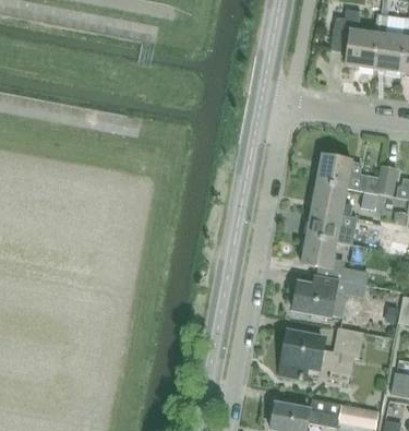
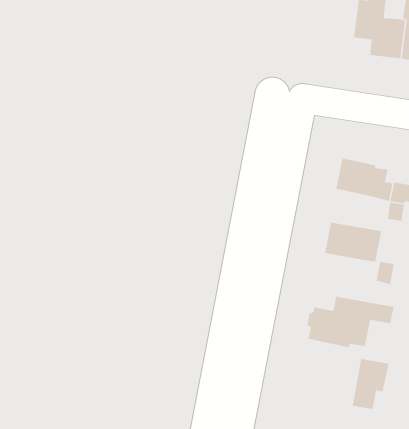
building: [311,181,352,216] -> none
building: [301,237,369,283] -> none
building: [279,331,322,378] -> none

